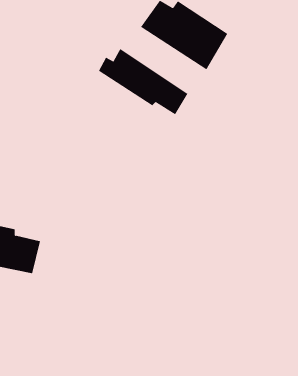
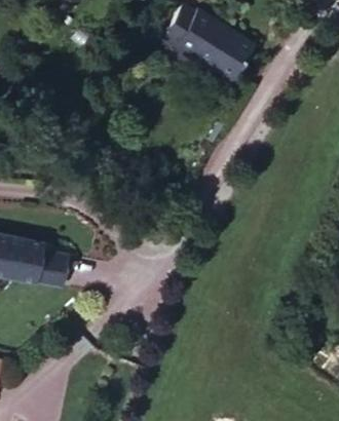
building: [98,48,188,115] -> none

